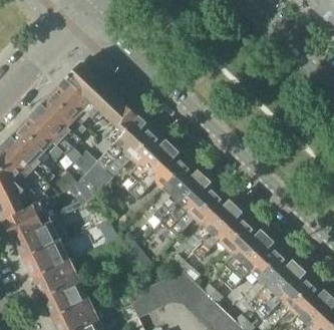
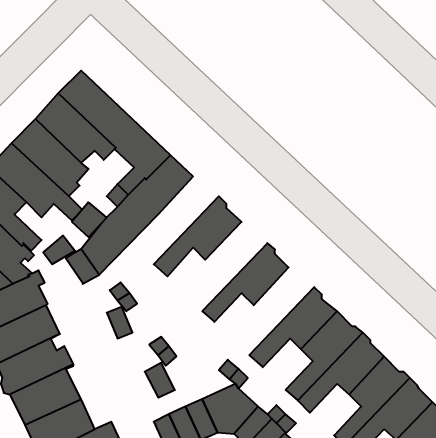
building: [121,133,172,192] -> none
building: [152,163,204,223] -> none
building: [185,194,235,252] -> none

